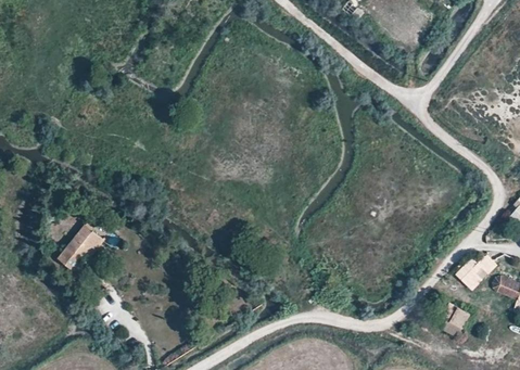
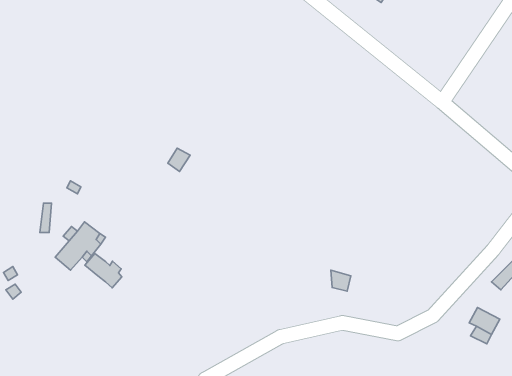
building: none -> [85,253,122,288]

